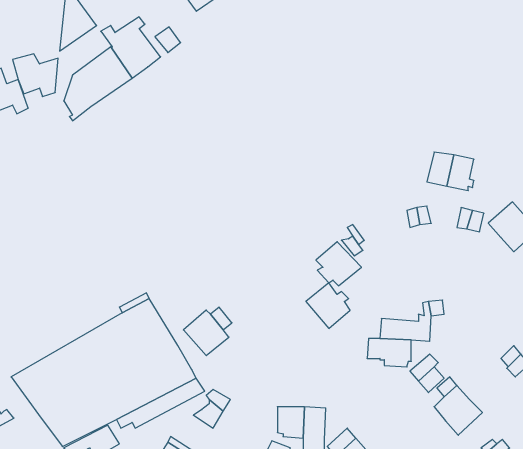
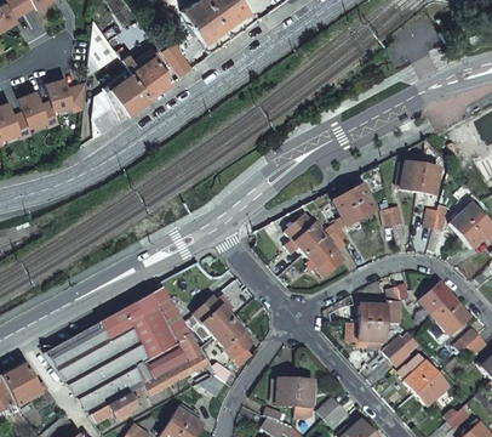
building: none -> [333,186,376,226]
building: [306,283,350,328] -> [285,215,322,254]
building: none -> [421,282,470,334]
building: none -> [211,319,250,364]

